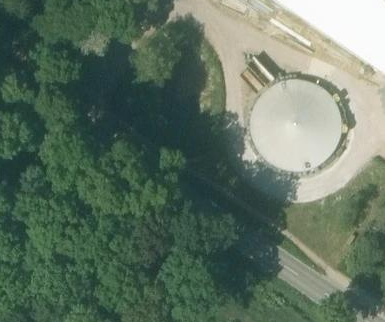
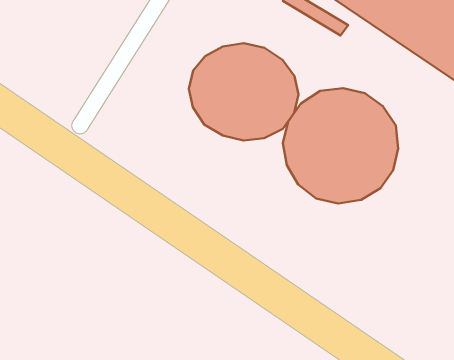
building: none -> [189,43,298,140]

